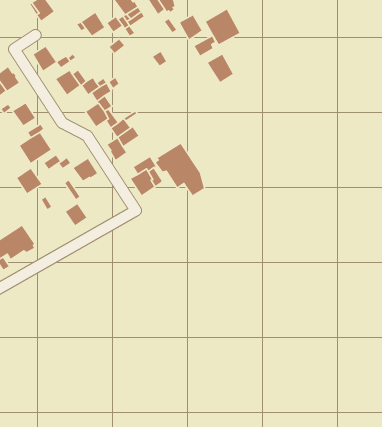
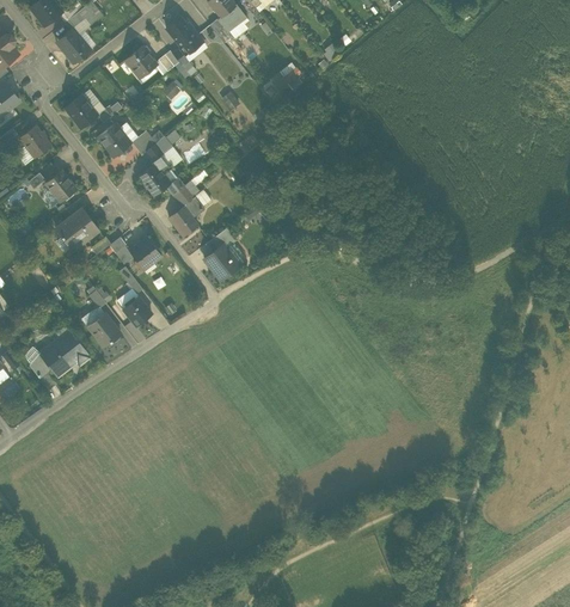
building: [205,9,241,45] -> none
building: [179,14,204,40] -> none
building: [207,54,234,84] -> none
building: [155,143,205,196] -> none
building: [16,168,42,194] -> [86,313,121,348]

